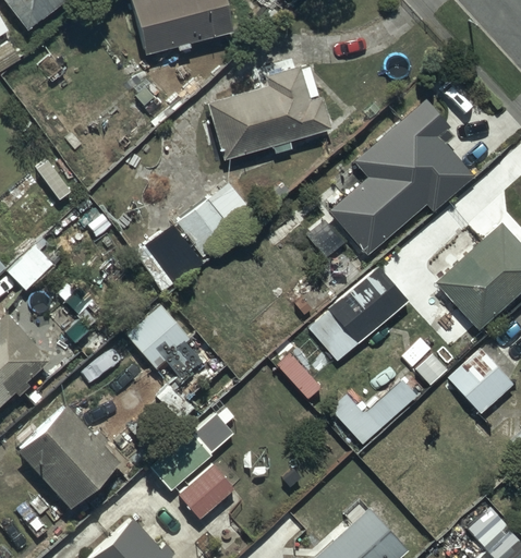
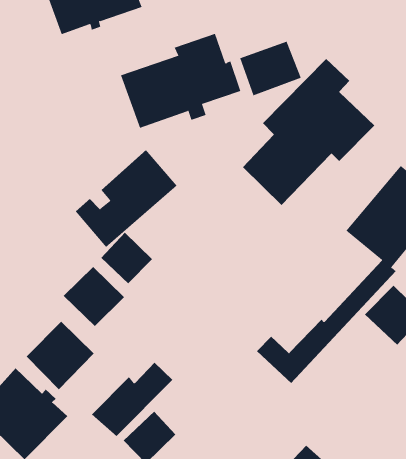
building: none -> [239,41,301,96]
building: [310,265,410,361] -> none
building: none -> [100,232,153,284]
building: none -> [26,321,94,390]

